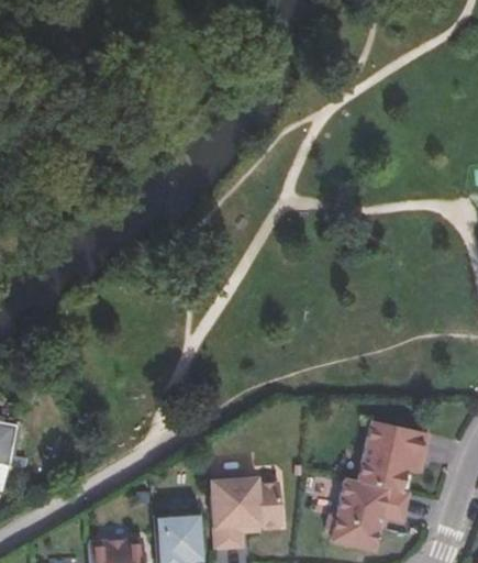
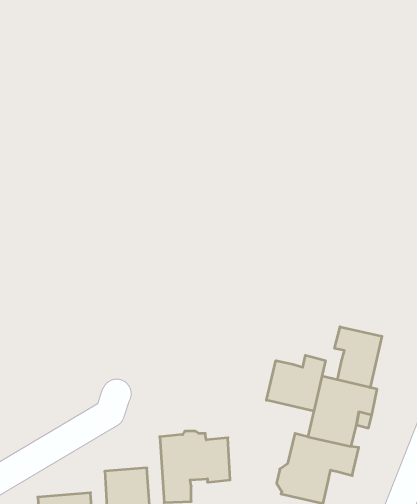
building: none -> [335,327,382,388]
building: none -> [266,355,325,411]

